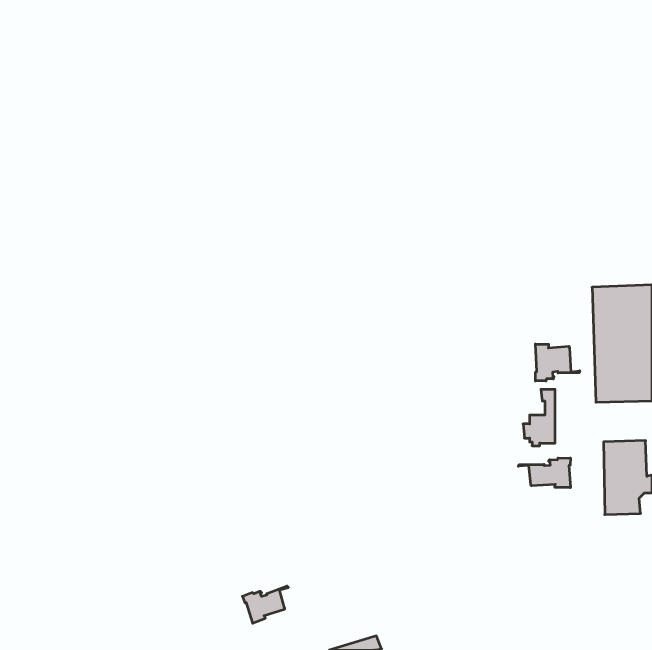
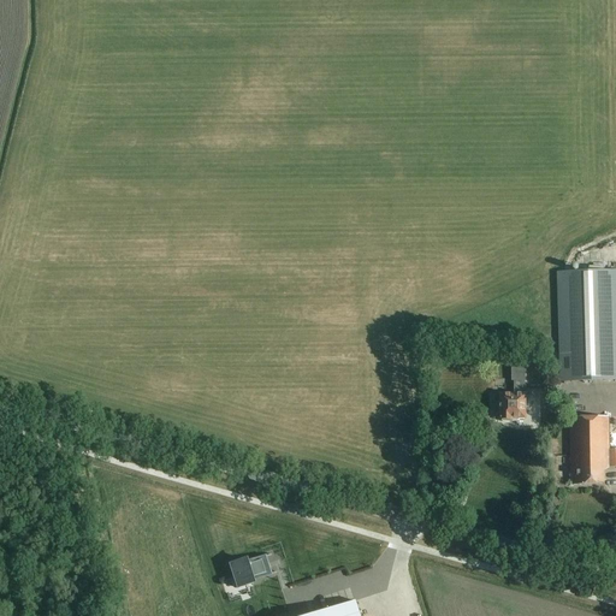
building: [535,344,580,381] -> none
building: [518,458,570,488] -> none

